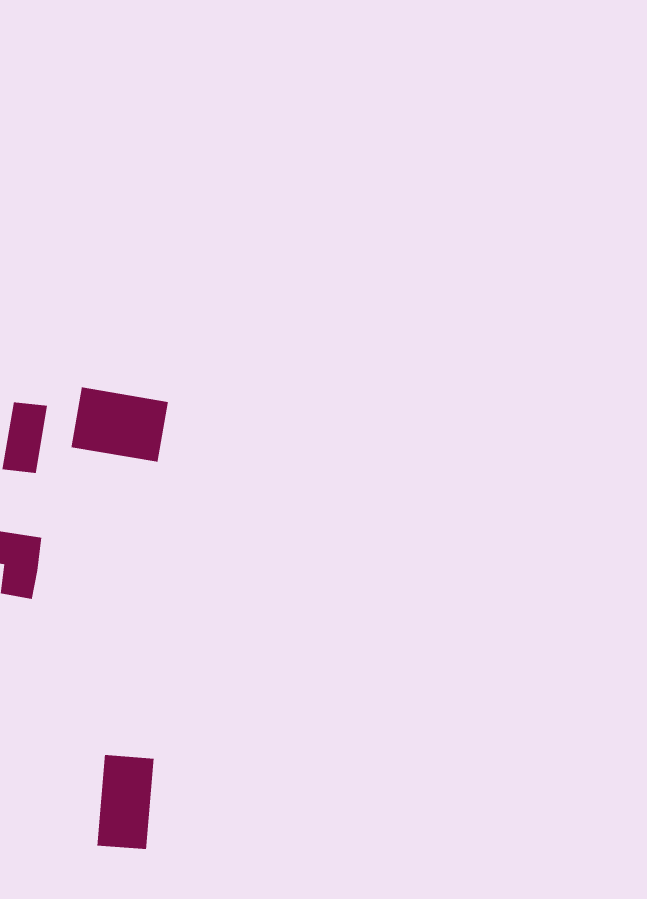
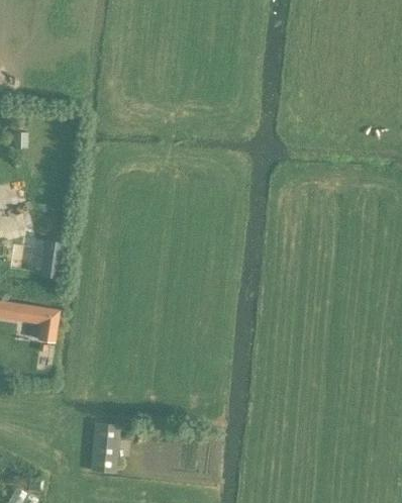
building: [71,387,169,463] -> none

